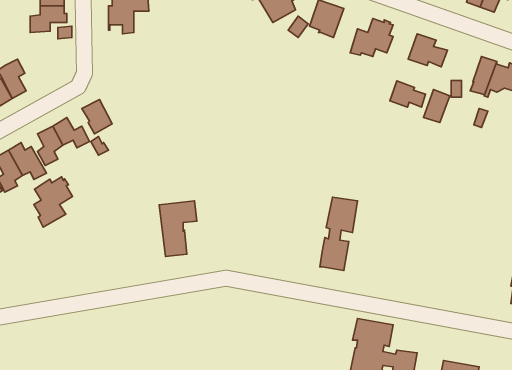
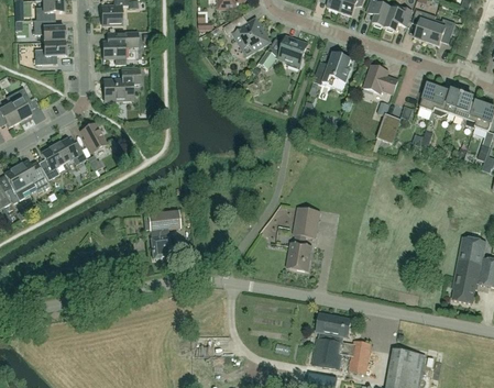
building: none -> [103,68,140,100]
building: [390,81,426,107] -> none
building: [34,177,73,227] -> none

